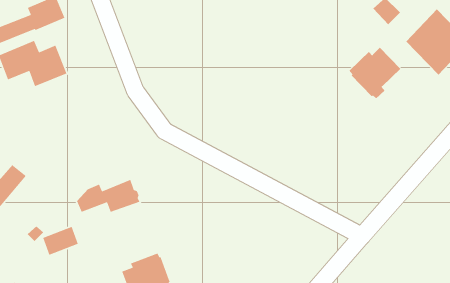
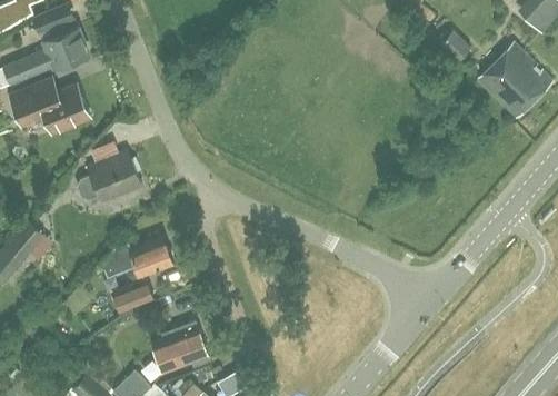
building: [348,47,401,99] -> none
building: none -> [79,151,142,204]
building: [42,226,79,256] -> [111,279,153,314]

